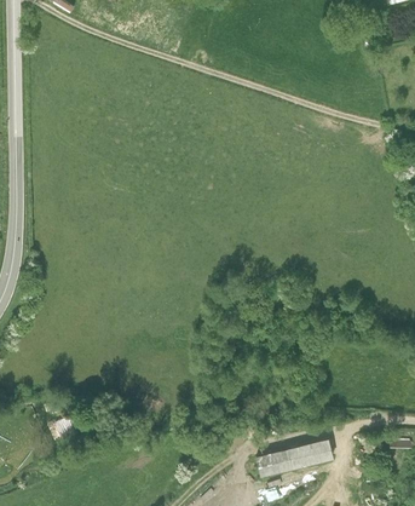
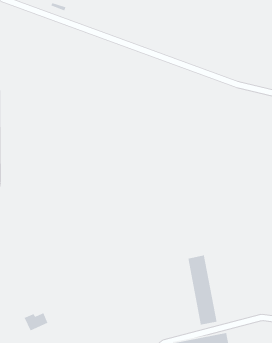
building: none -> [187,254,217,326]

